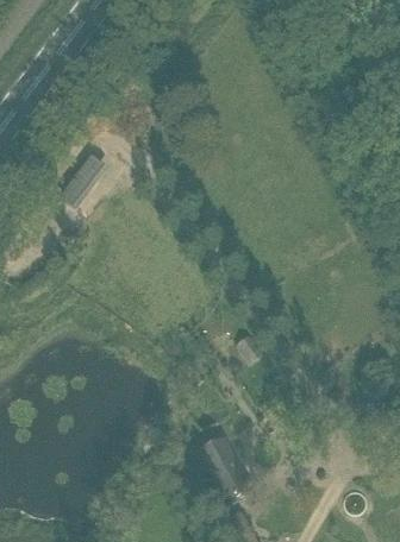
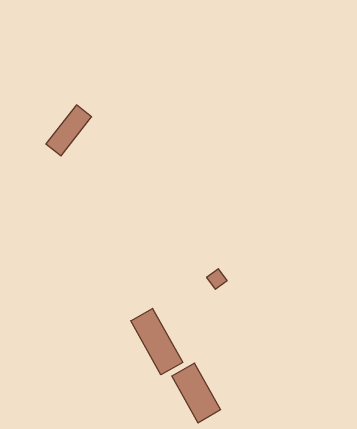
building: none -> [131,308,183,375]

